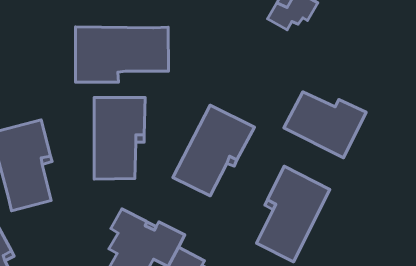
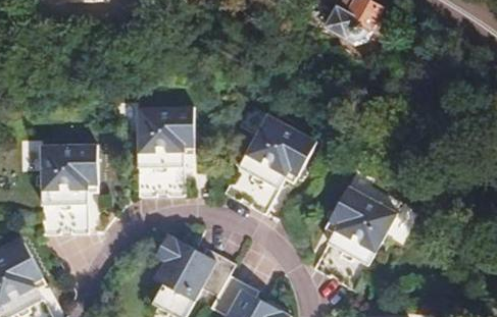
building: [76,27,168,82] -> none
building: [284,92,366,158] -> none

